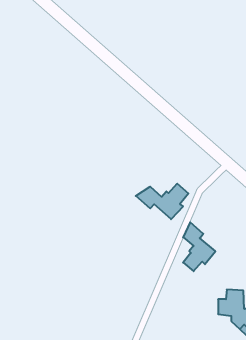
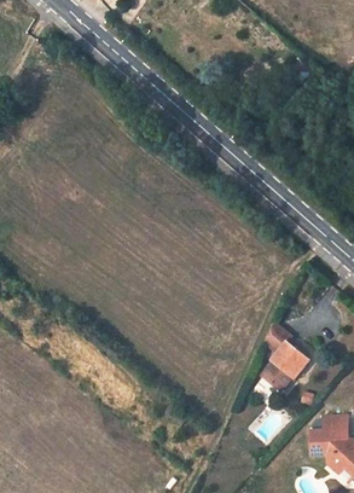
building: [136,184,188,219] -> none

